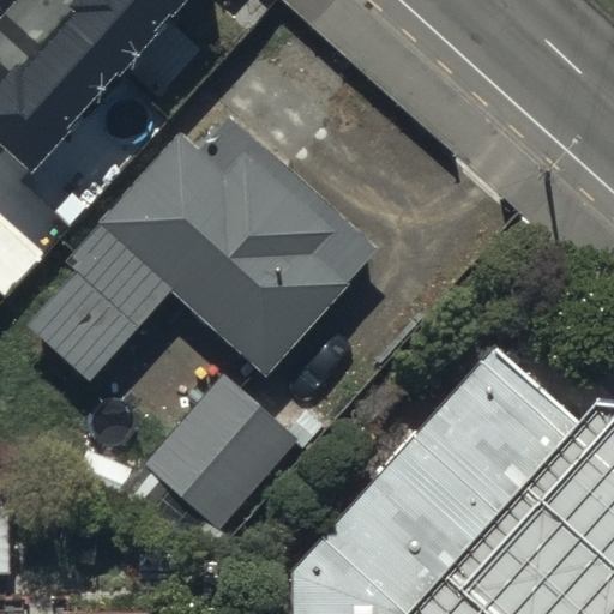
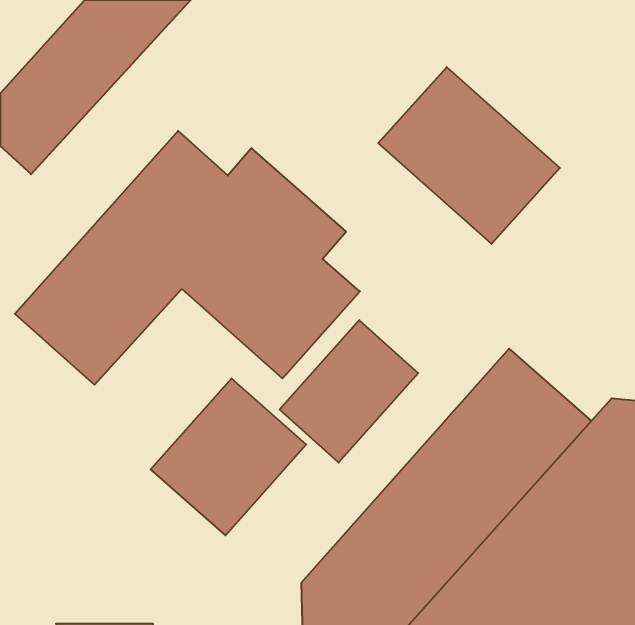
building: none -> [378,67,560,244]
building: none -> [280,320,418,463]

